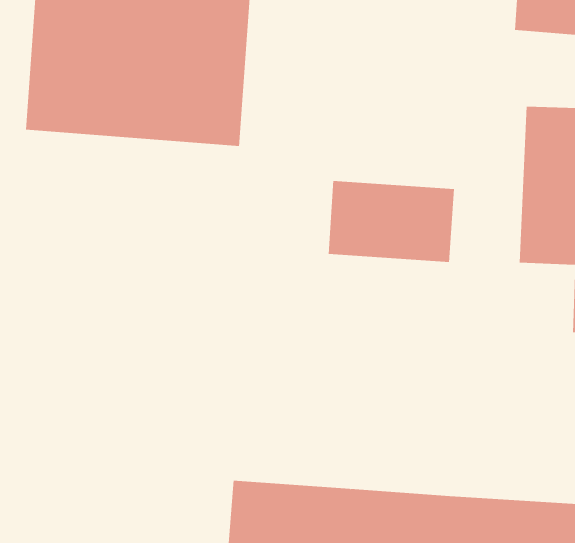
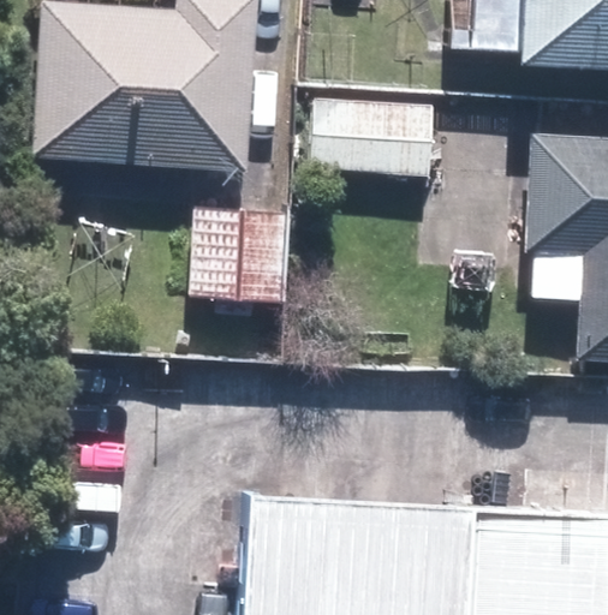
building: [328,180,455,262] -> [309,91,437,174]
building: none -> [187,209,294,301]

